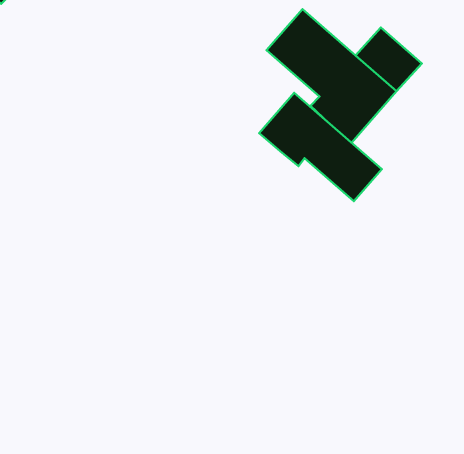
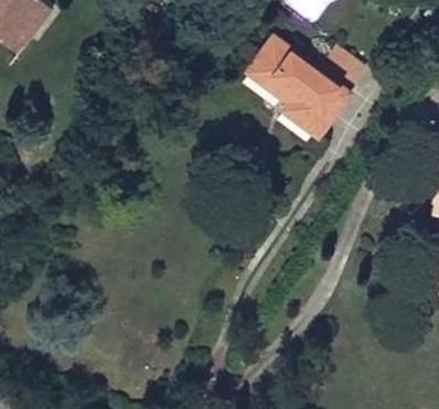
building: [259,93,382,201] -> none

